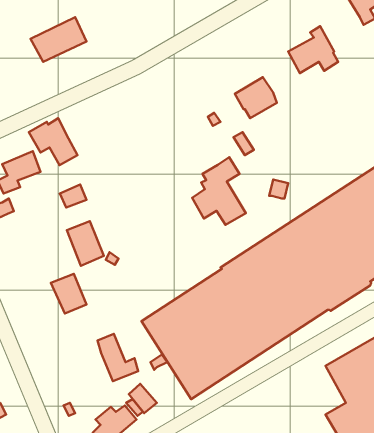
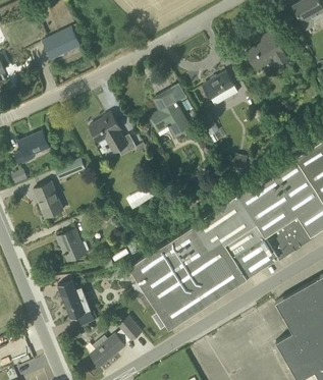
building: [29,118,77,165] -> [90,115,128,153]
building: [192,157,246,225] -> [149,85,192,139]
building: [67,221,104,266] -> [34,182,63,218]
building: [97,334,138,381] -> [58,280,91,318]

